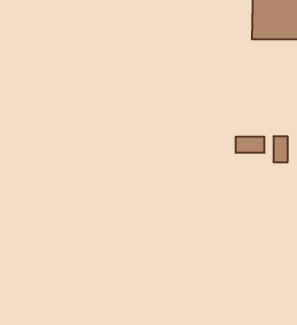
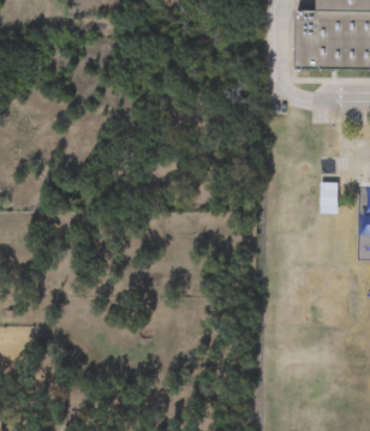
building: [236,137,264,153] -> none

